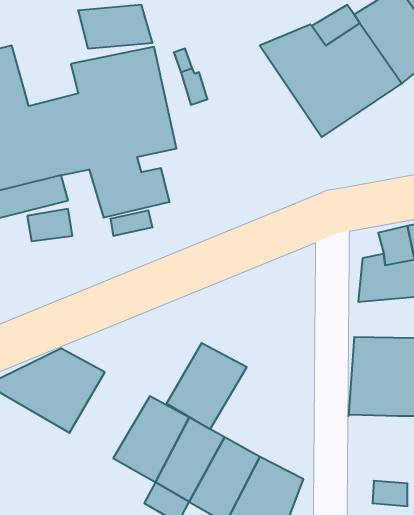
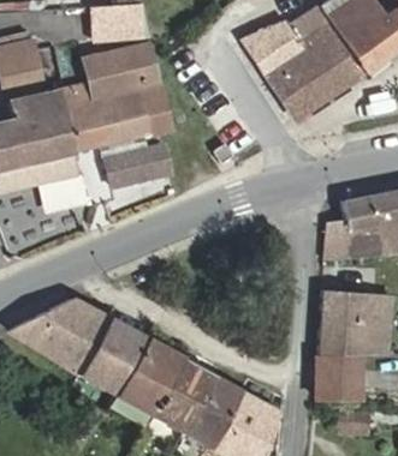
building: [166,343,247,429] -> [82,319,150,392]
building: none -> [319,355,362,400]

